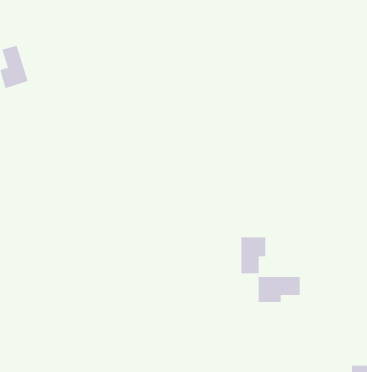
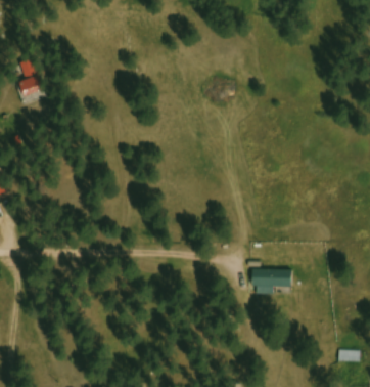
building: [241,237,266,274] -> none

